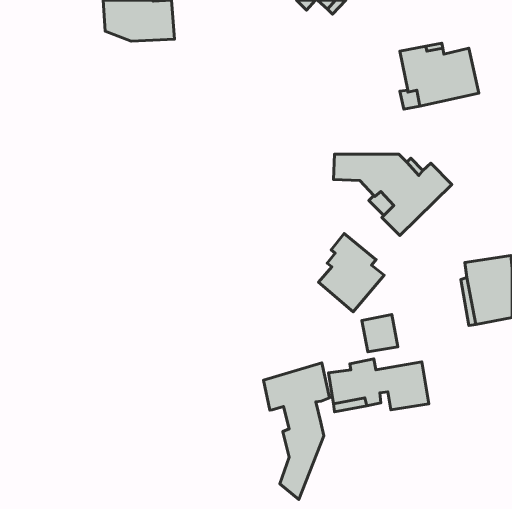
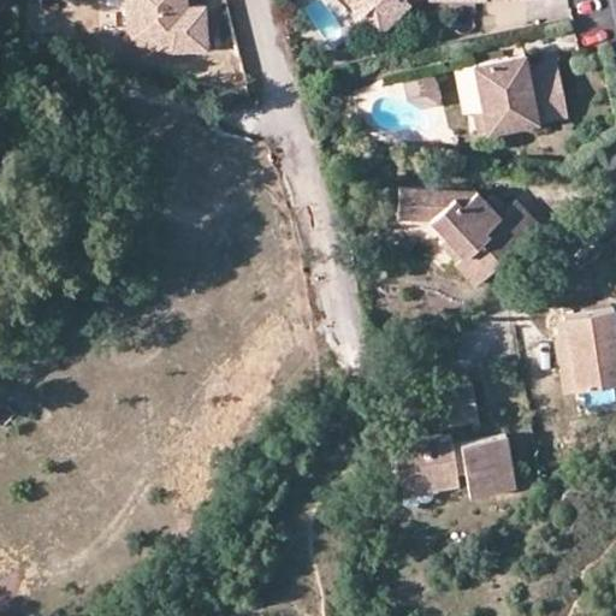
building: [318,233,384,312] -> none
building: [263,363,329,500] -> none

